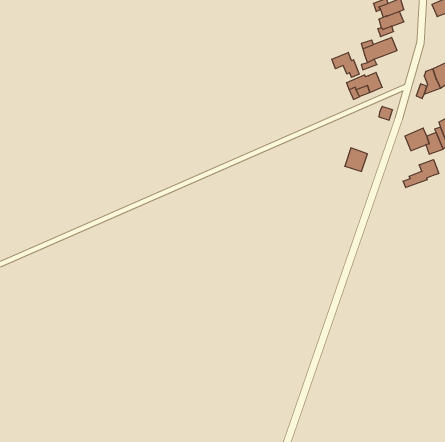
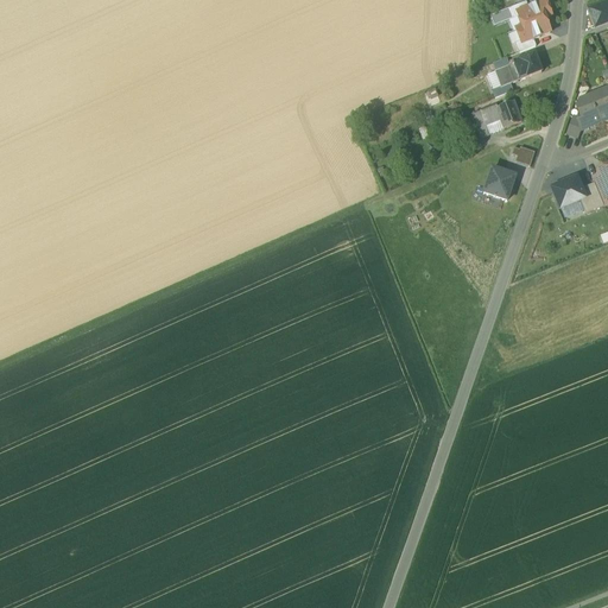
building: [332,52,359,77] -> none
building: [345,148,367,171] -> [484,166,515,198]
building: [403,160,439,188] -> none

